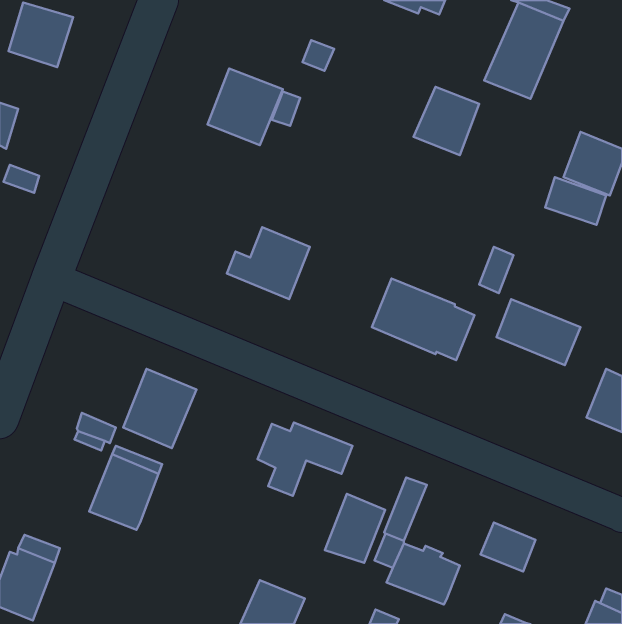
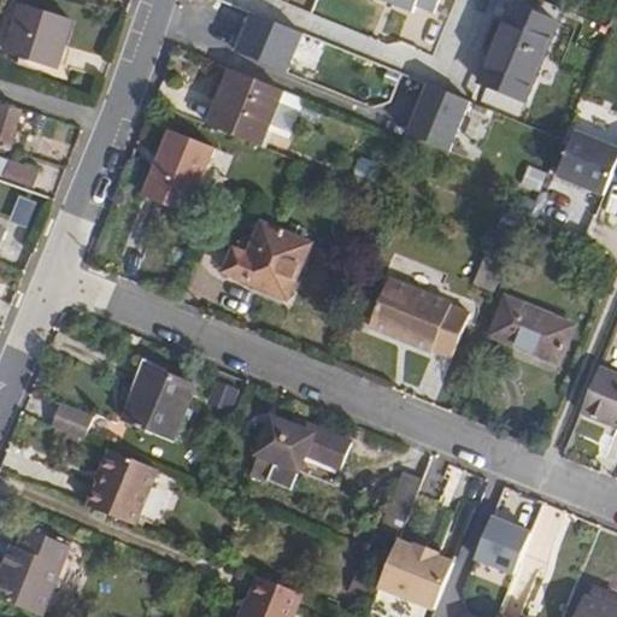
building: none -> [235,13,287,67]
building: none -> [141,128,211,211]
building: [325,494,385,563] -> none

